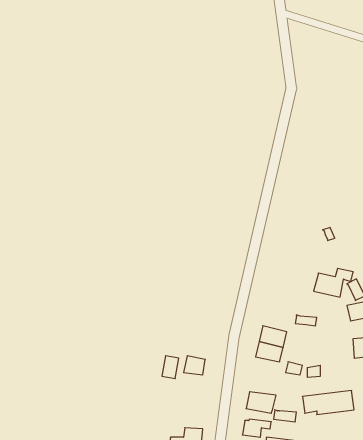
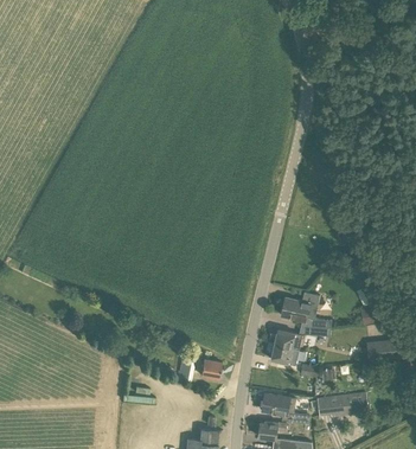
building: [314,268,353,297] -> [280,291,319,320]

